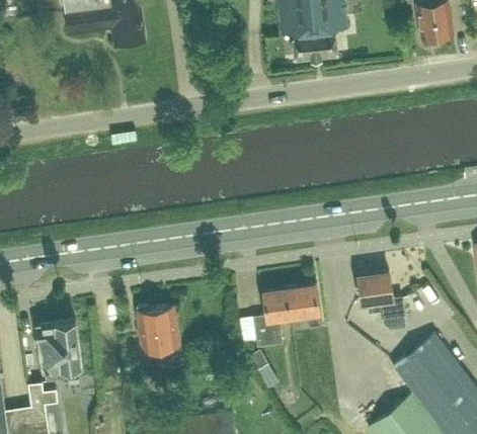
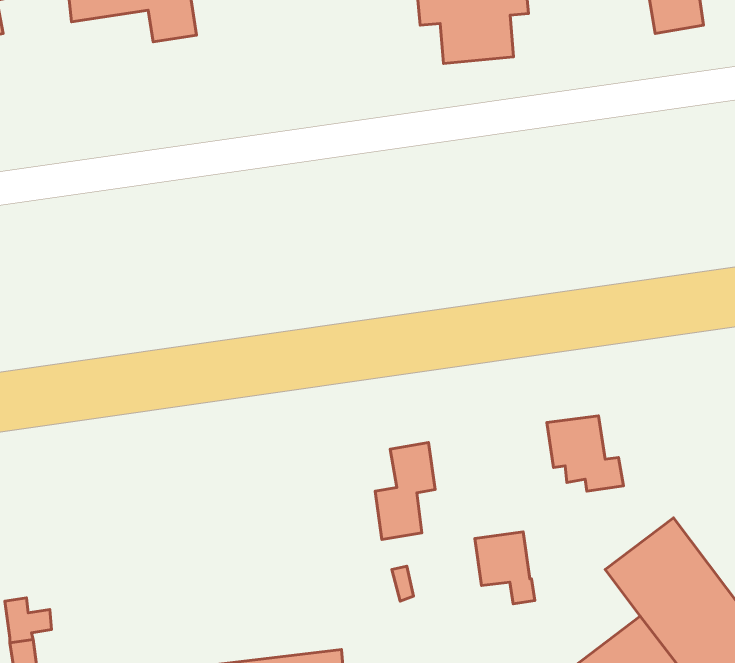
building: [285,284,321,328] -> [475,532,535,604]
building: [137,306,180,365] -> none
building: [35,320,80,378] -> none

